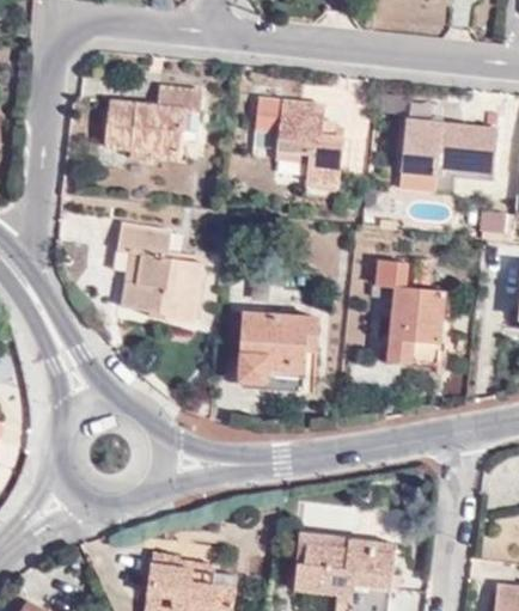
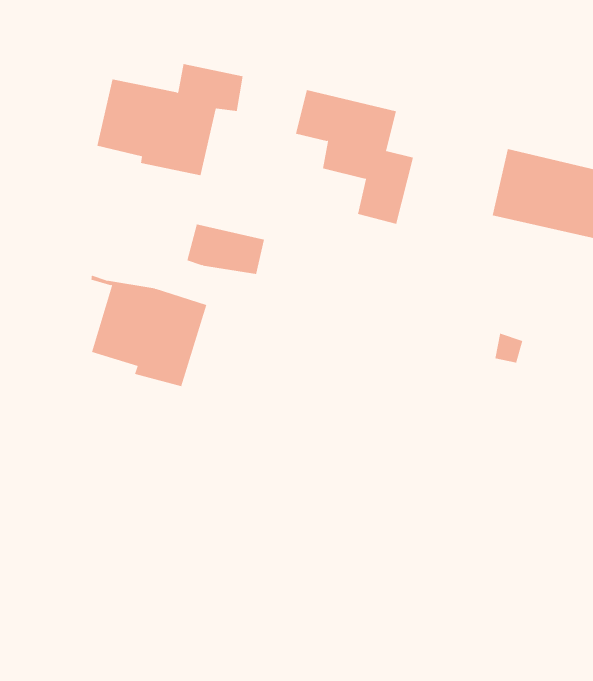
building: [111,224,166,255] -> [186,224,265,274]
building: [385,286,447,363] -> none
building: [239,310,307,381] -> none

